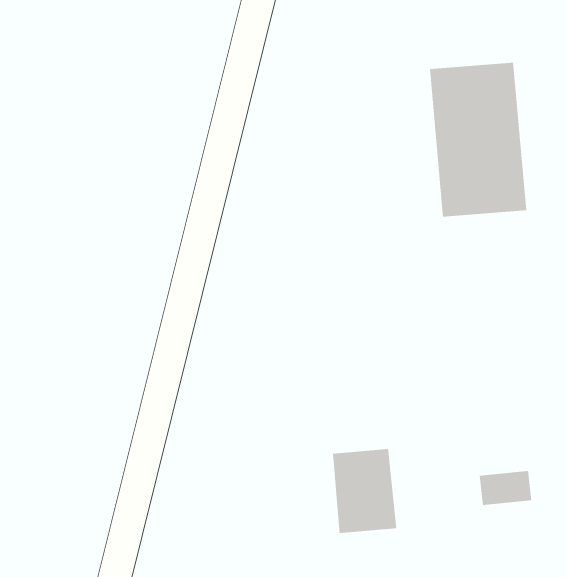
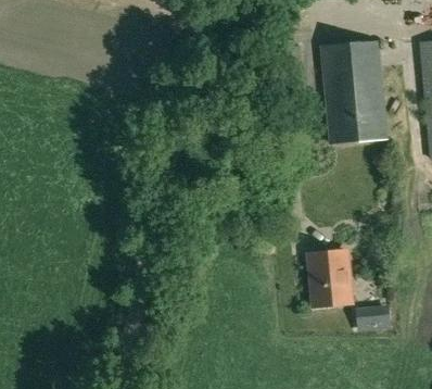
building: [332,449,397,534] -> [309,250,352,305]

